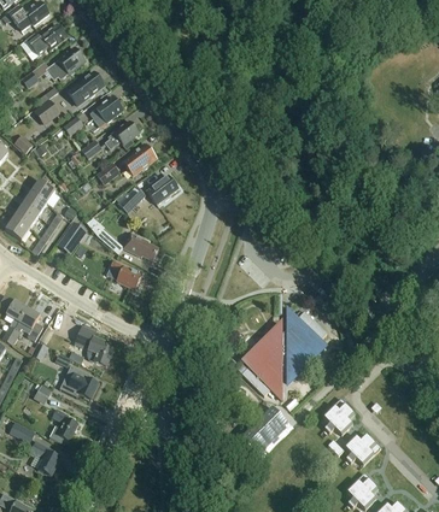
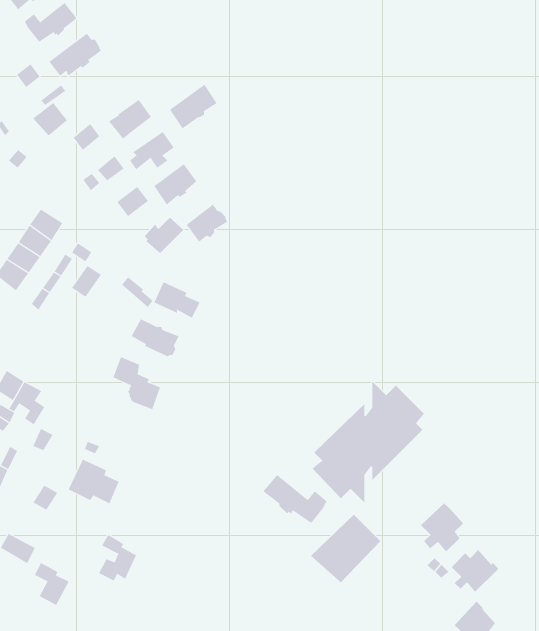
building: [68,71,104,105] -> [169,84,218,129]
building: [76,325,112,365] -> [113,356,161,410]
building: none -> [263,474,327,524]
building: [48,407,77,442] -> [98,534,137,581]

